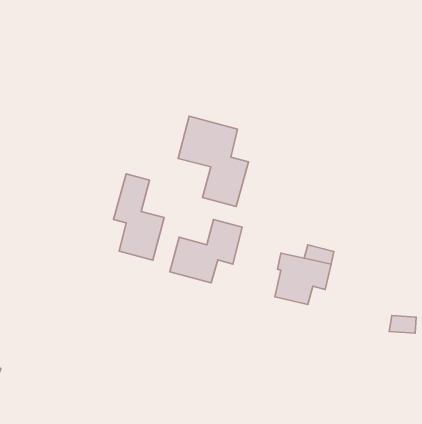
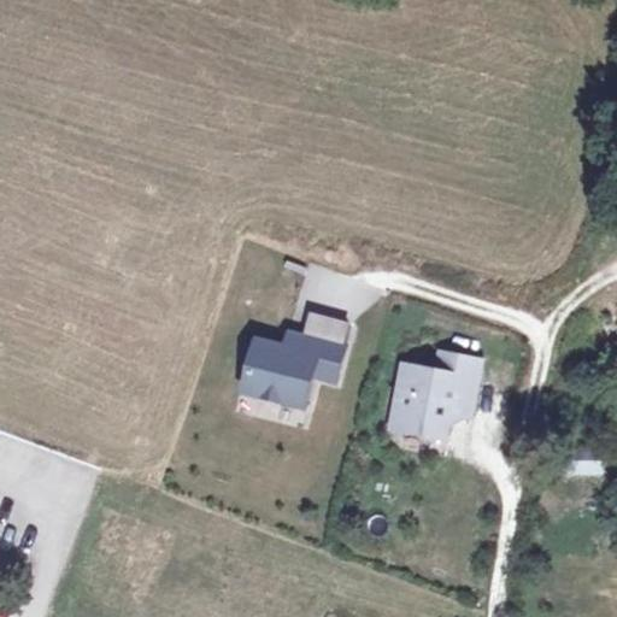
building: [178,116,249,207] -> none
building: [113,174,164,260] -> none

